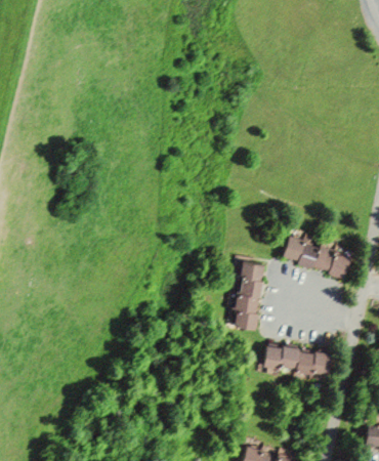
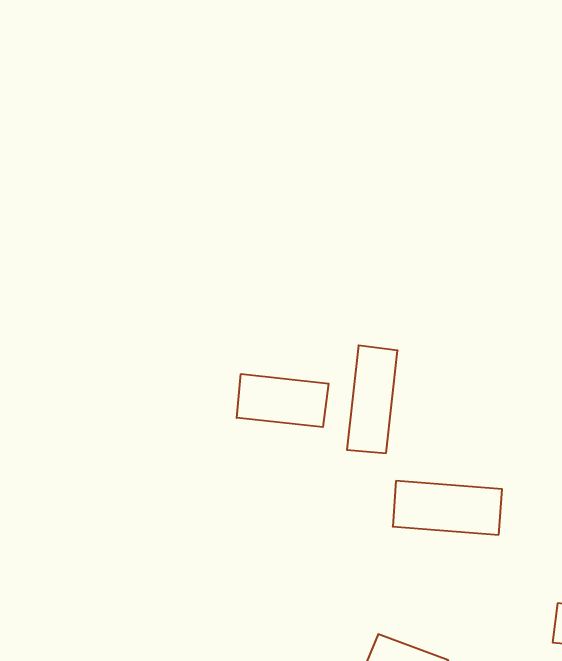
building: [279,233,351,278] -> none
building: none -> [237,374,329,427]

